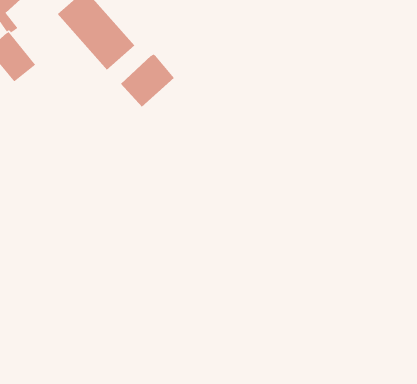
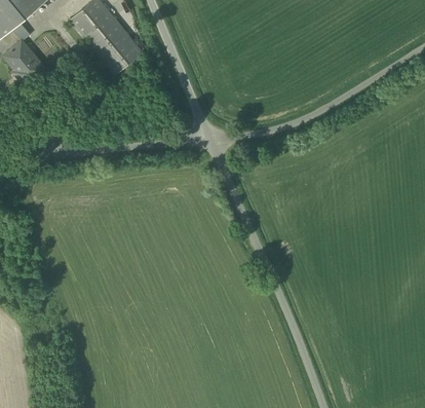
building: [120,53,175,107] -> none

